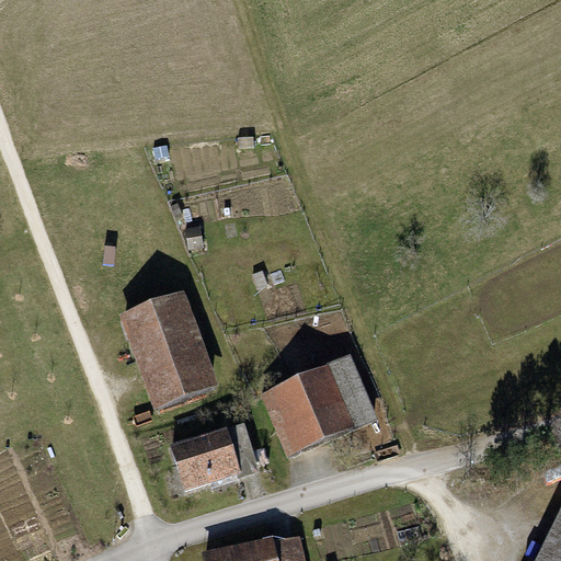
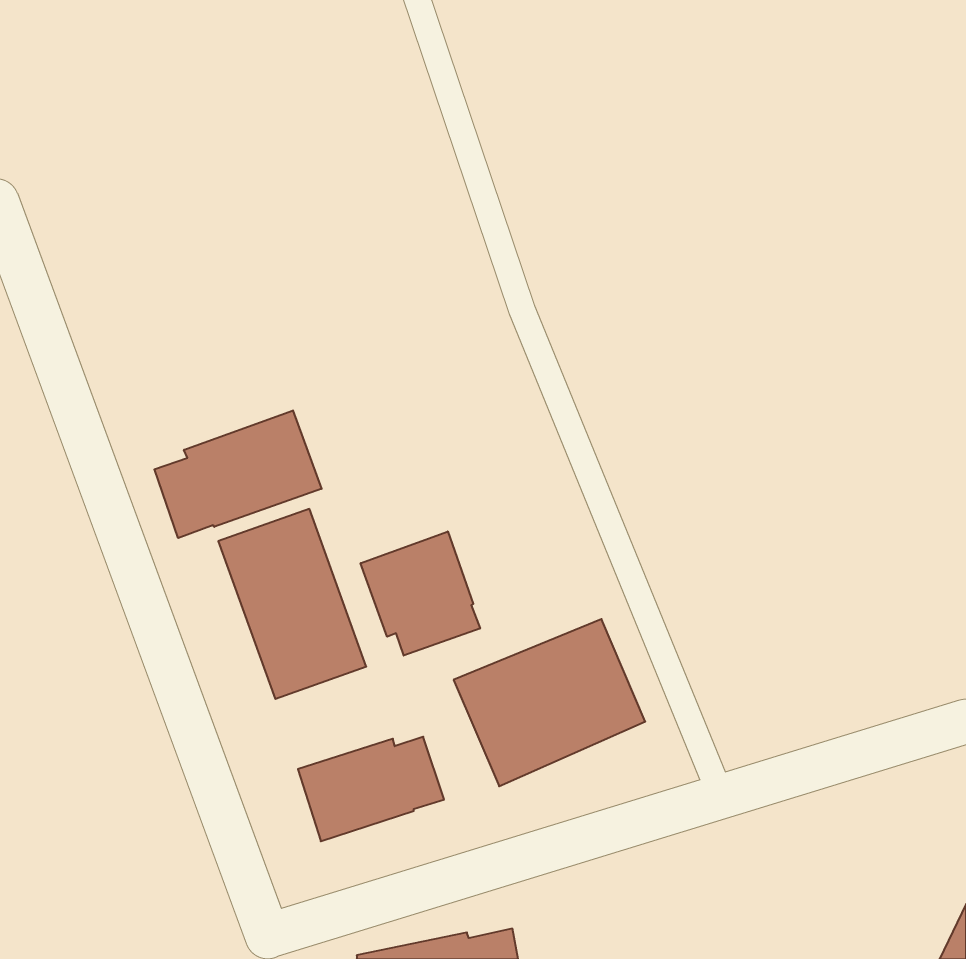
building: none -> [154,410,322,538]
building: none -> [361,531,480,656]

